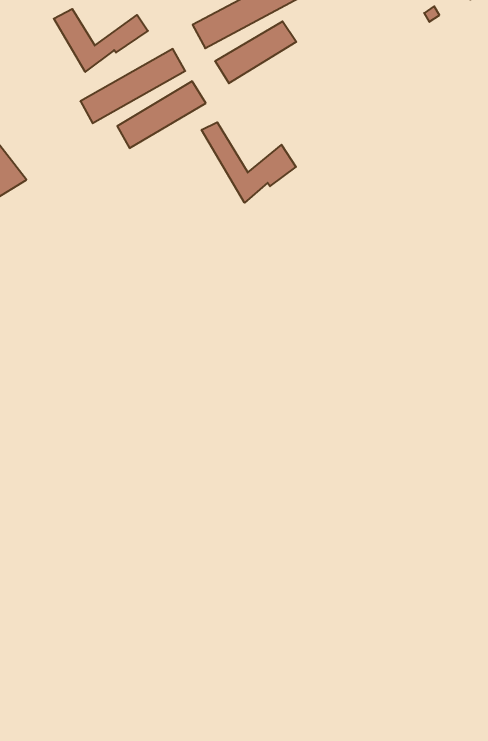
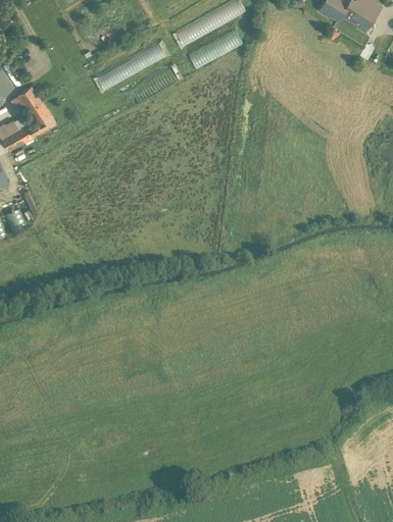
building: [54,9,148,72] -> none
building: [202,122,296,203] -> none

